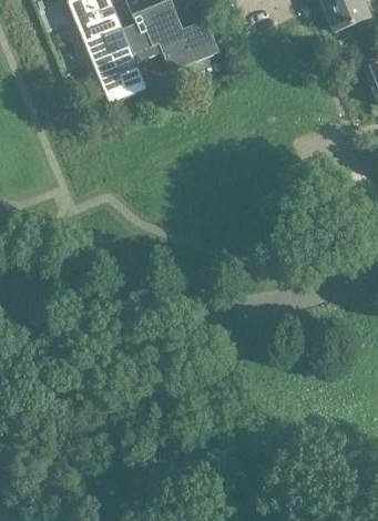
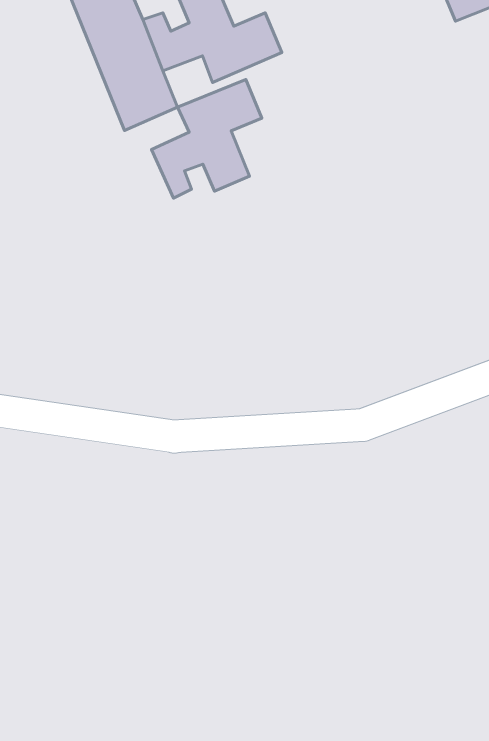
building: none -> [152,80,262,198]

